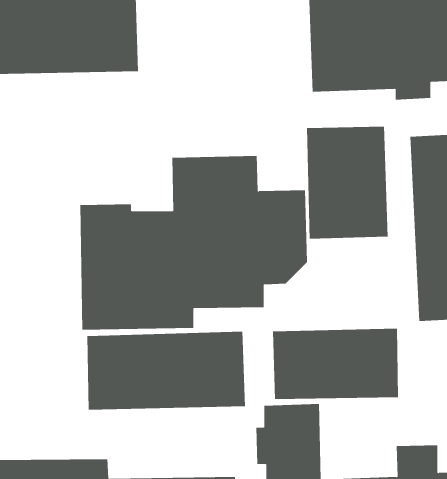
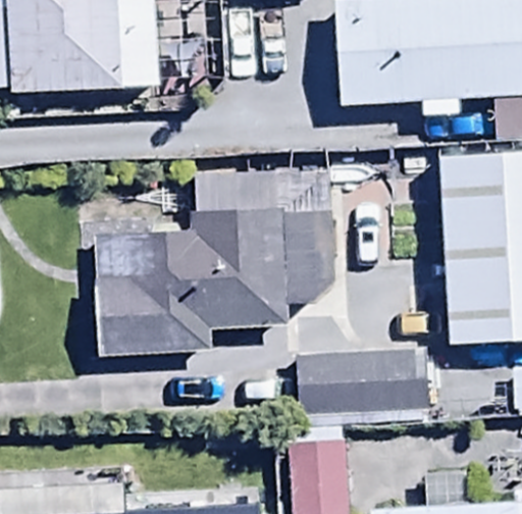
building: [307,126,388,240] -> none
building: [87,331,245,411] -> none

